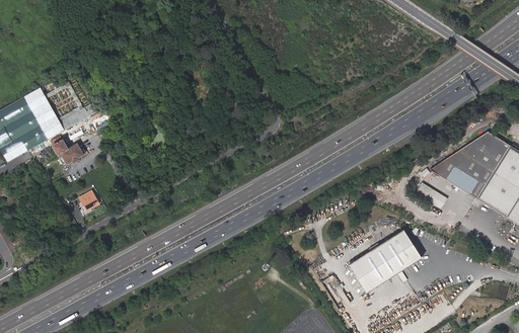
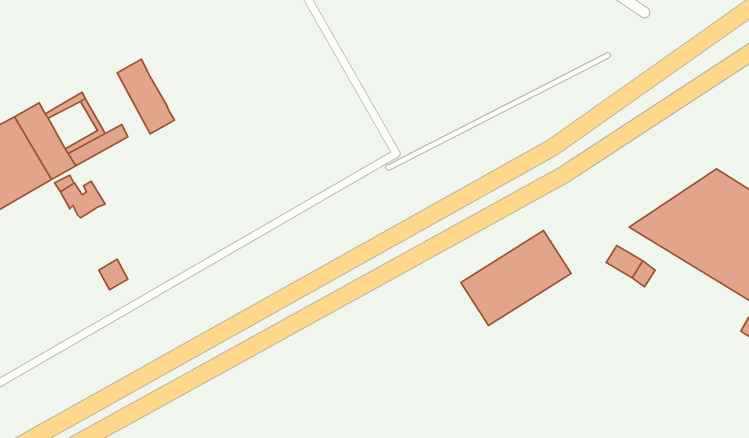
building: none -> [117,59,174,134]
building: [348,229,421,292] -> [461,230,571,325]

